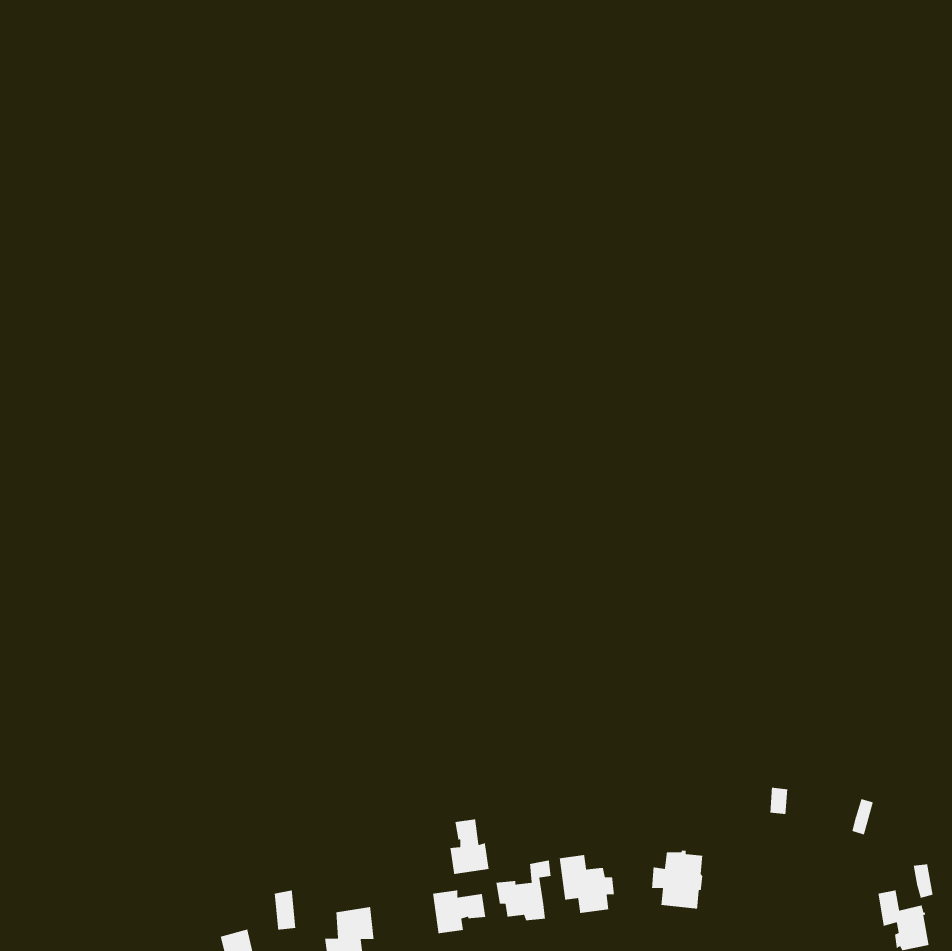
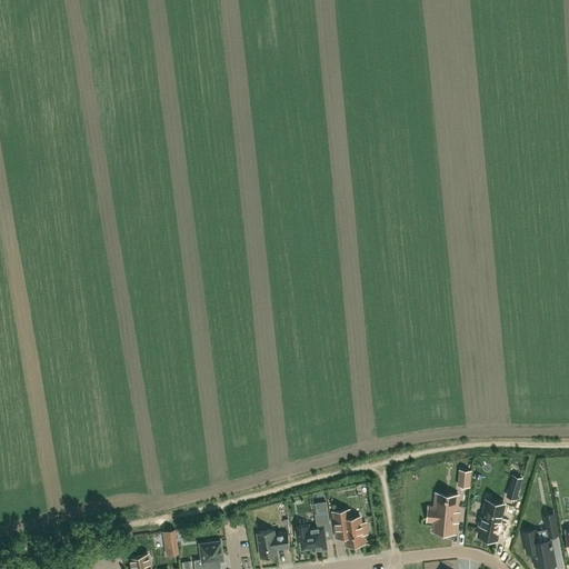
building: [450,819,489,875] -> none
building: none -> [478,501,502,540]
building: [651,850,703,909] -> [427,498,458,533]

